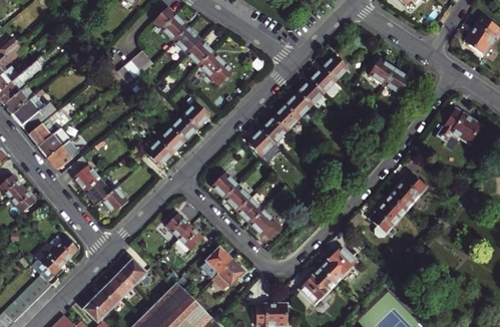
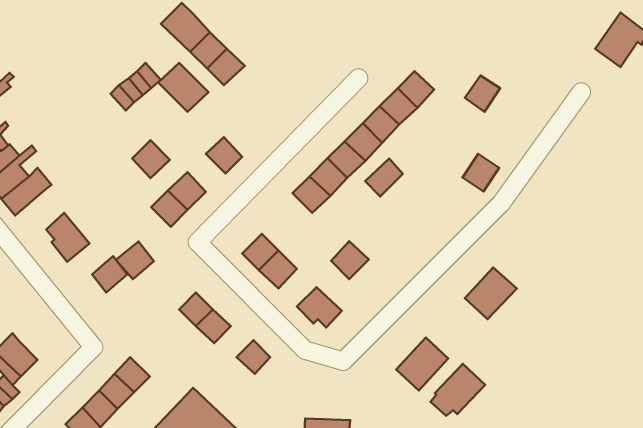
building: [197,51,233,86] -> [158,63,209,112]
building: [384,67,410,94] -> [463,154,499,192]
building: [437,106,481,142] -> none
building: [171,114,198,141] -> [132,140,170,178]
building: none -> [365,158,403,197]
building: [48,139,80,171] -> none
building: [390,173,427,211] -> none
building: [85,179,112,206] -> [116,242,154,279]
building: [236,197,264,224] -> [331,241,369,279]
building: [51,235,78,262] -> none
building: [212,260,243,290] -> none
building: [298,269,337,306] -> [431,364,485,416]

